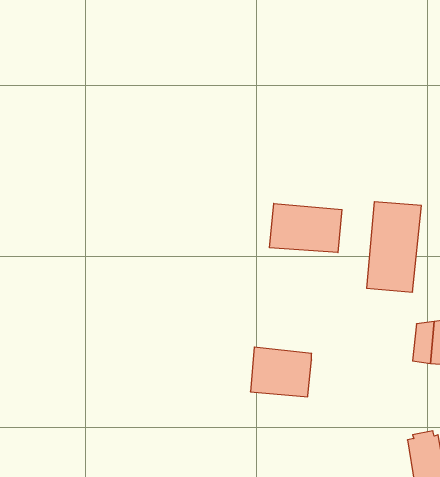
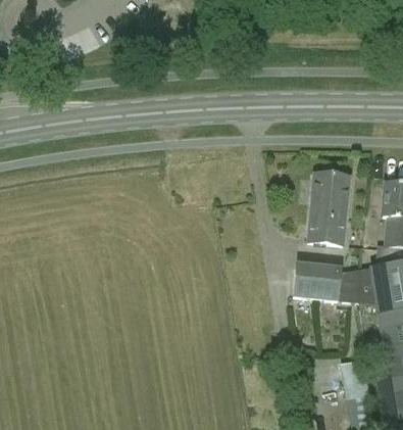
building: [270,203,342,253] -> none
building: [250,347,312,397] -> [294,259,343,299]

